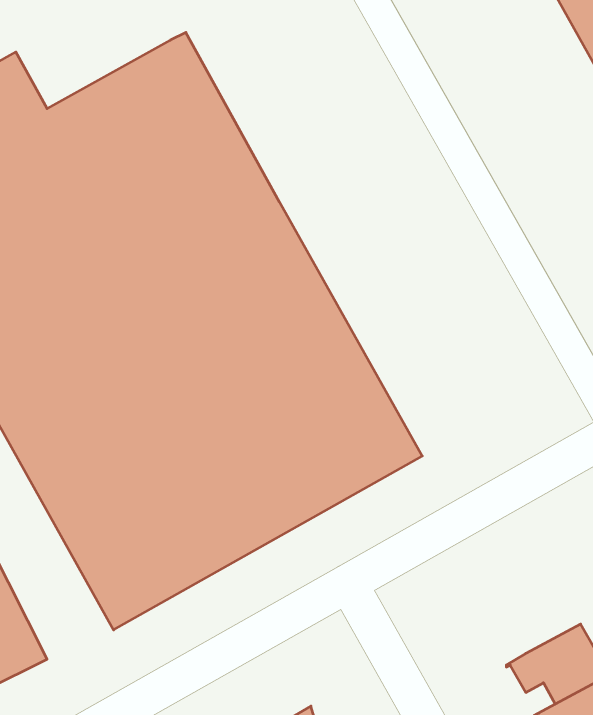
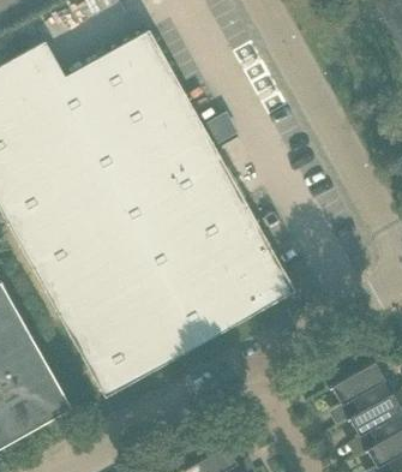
building: none -> [329,362,392,412]

